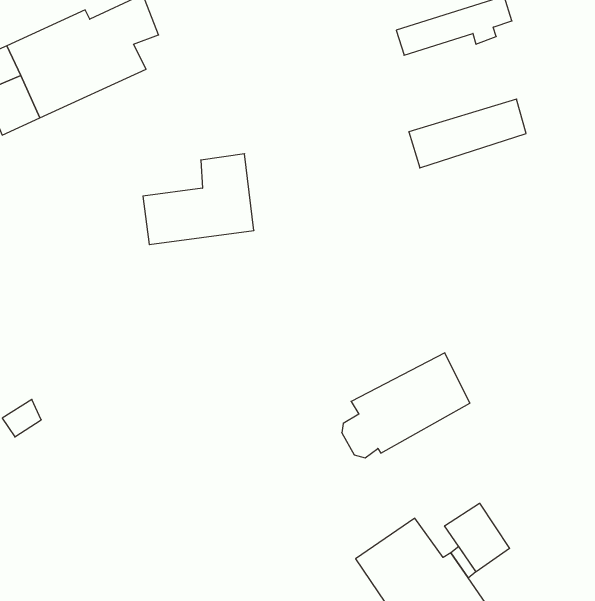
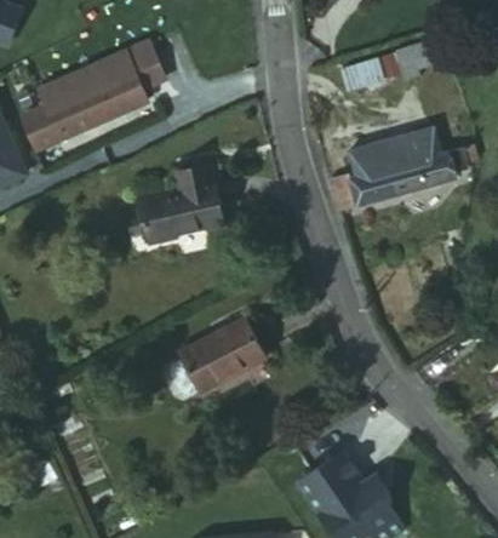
building: none -> [325,145,466,216]
building: [342,353,470,458] -> [171,317,270,399]
building: [445,503,510,572] -> none

